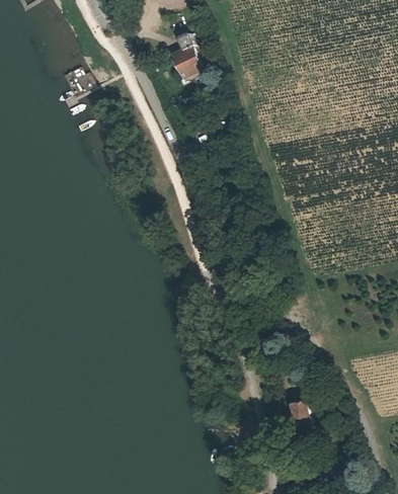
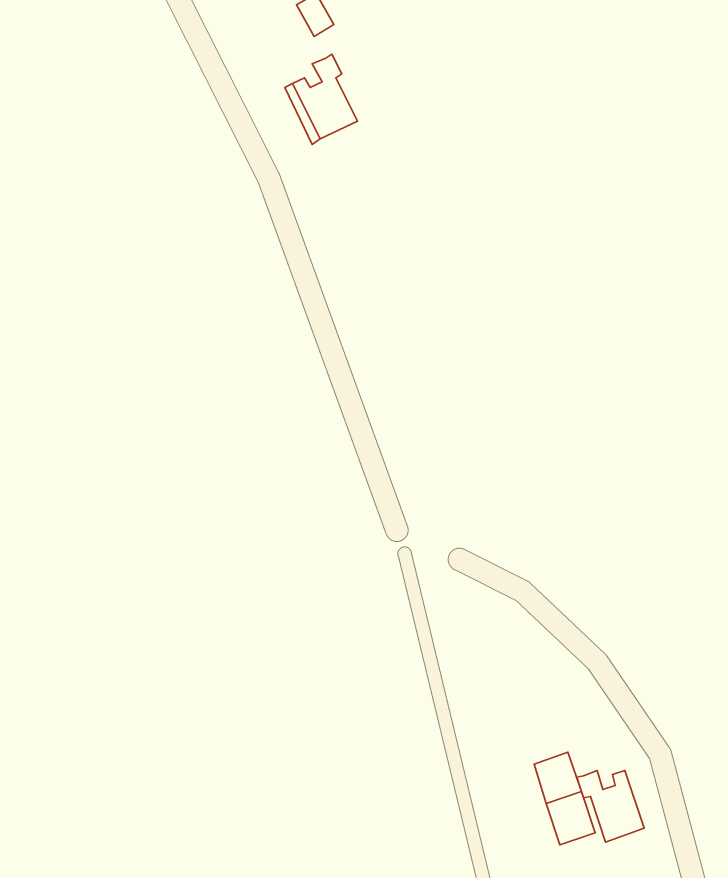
building: none -> [577,770,644,842]

